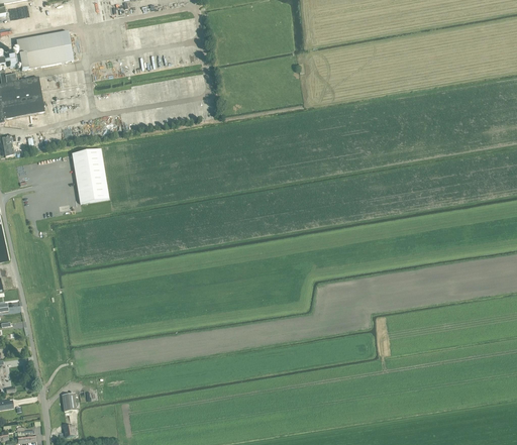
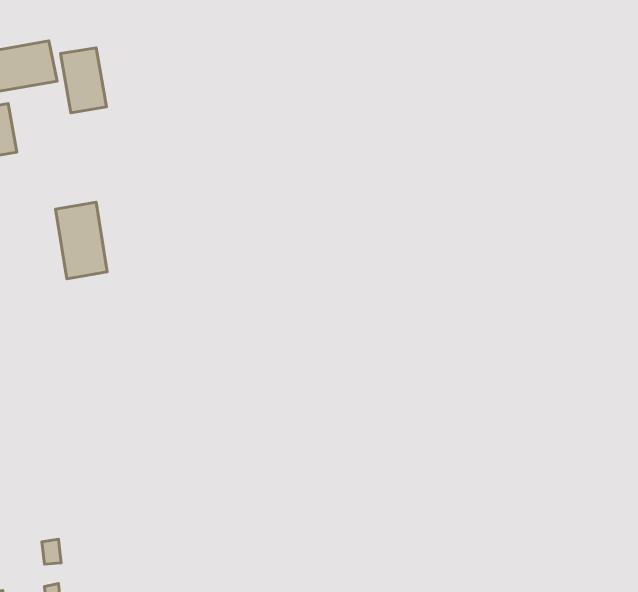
building: none -> [60,48,106,113]

